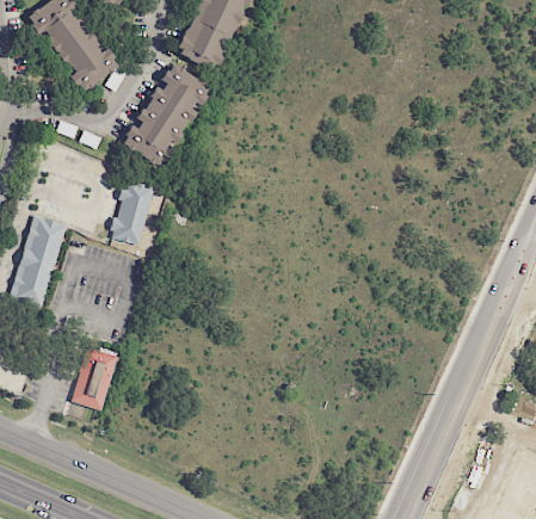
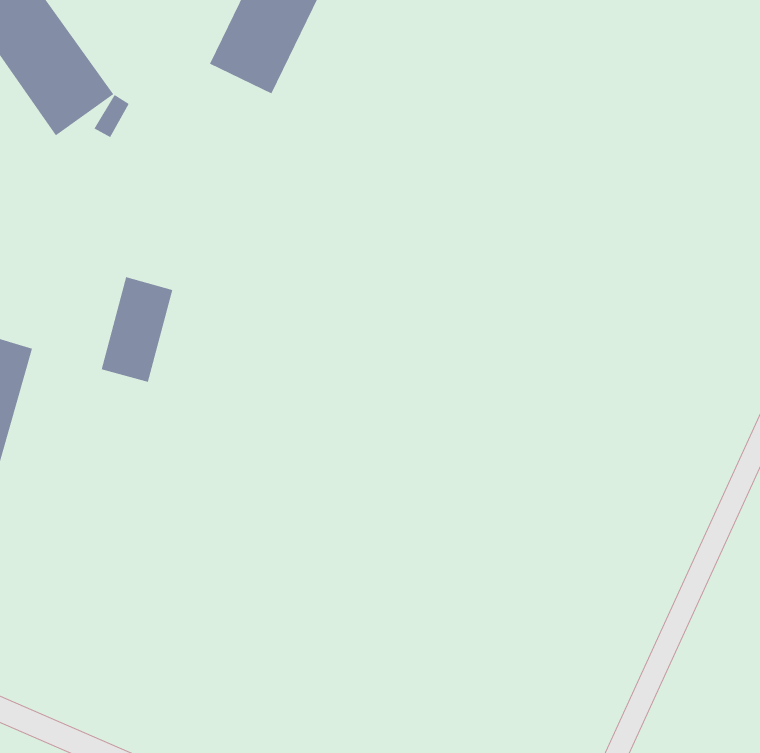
building: [122,64,210,165] -> none
building: [72,348,117,409] -> none

